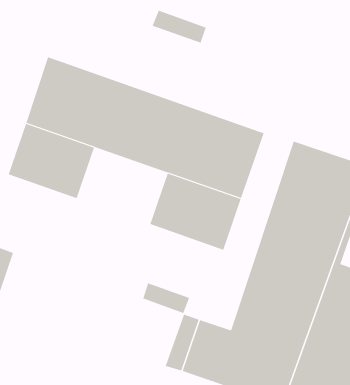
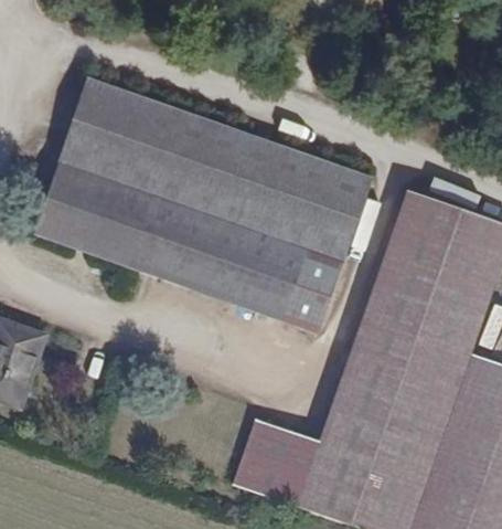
building: [152,10,206,43] -> none
building: none -> [126,198,244,298]
building: [142,283,190,314] -> none

